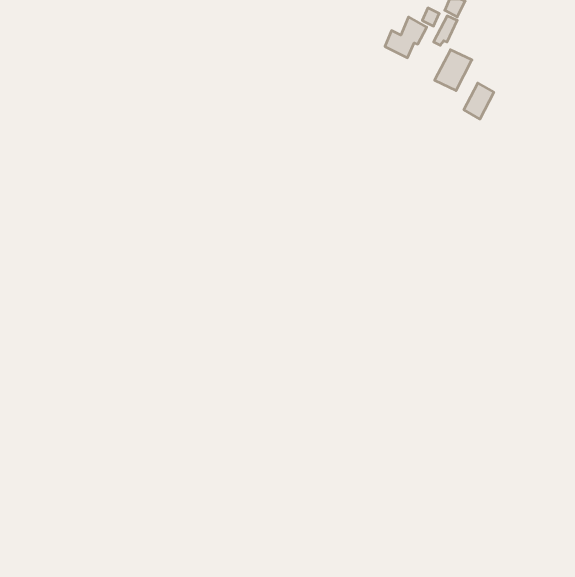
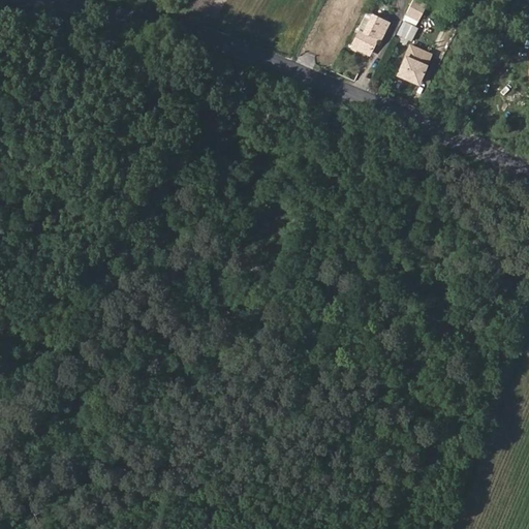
building: [464,83,494,119] -> none

